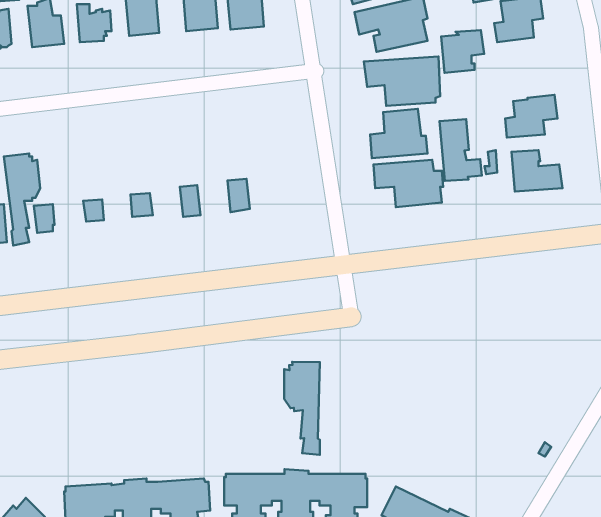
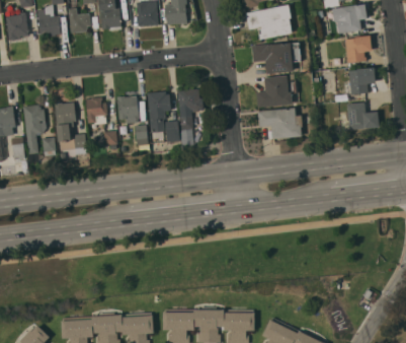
building: [441,30,484,73] -> [344,36,372,63]
building: [440,119,482,181] -> none
building: none -> [177,89,205,131]
building: none -> [147,91,171,133]
building: none -> [86,96,108,124]
building: none -> [117,96,139,123]
building: none -> [54,102,76,142]
building: [284,362,320,455] -> none

